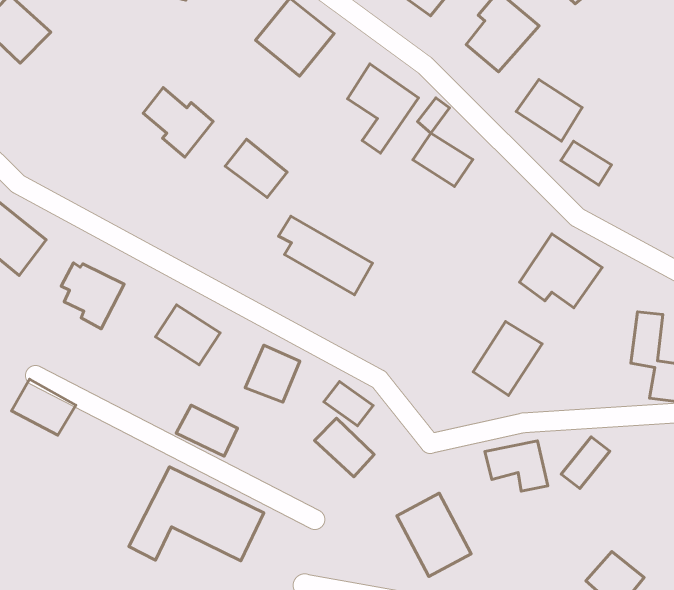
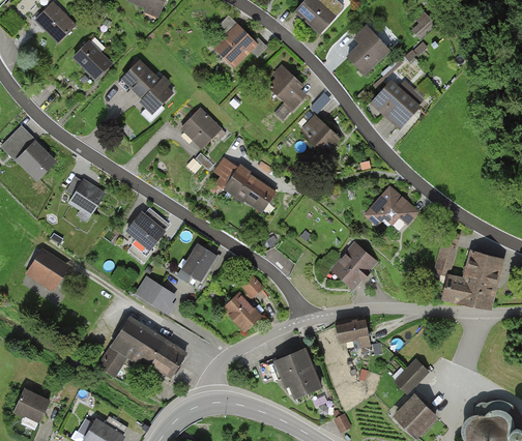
building: none -> [75,39,114,79]
building: [561,141,611,185] -> none
building: [561,437,610,488] -> [390,359,424,392]

